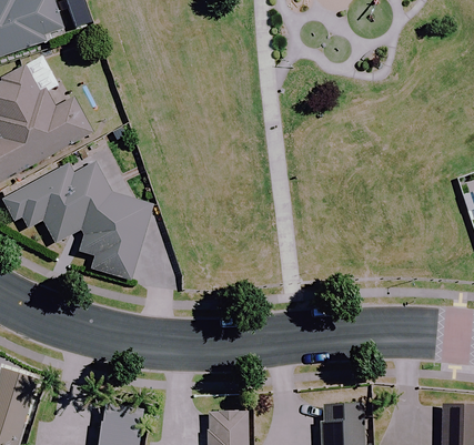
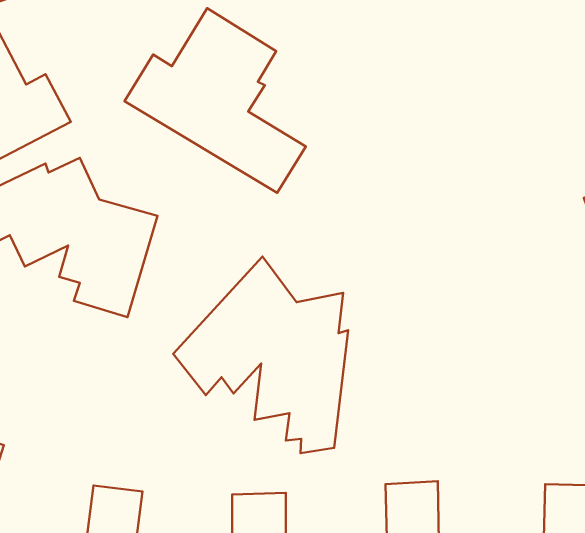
building: none -> [124,8,306,193]
building: none -> [173,257,348,453]

